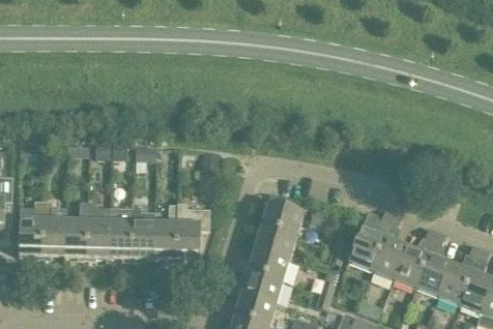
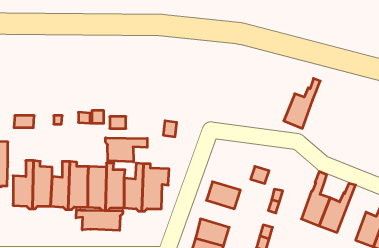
building: none -> [105,138,147,162]
building: [261,203,301,236] -> none
building: [347,210,392,271] -> [284,78,320,128]
building: [413,230,448,297] -> none
building: [247,248,288,281] -> none
building: none -> [76,210,123,230]

